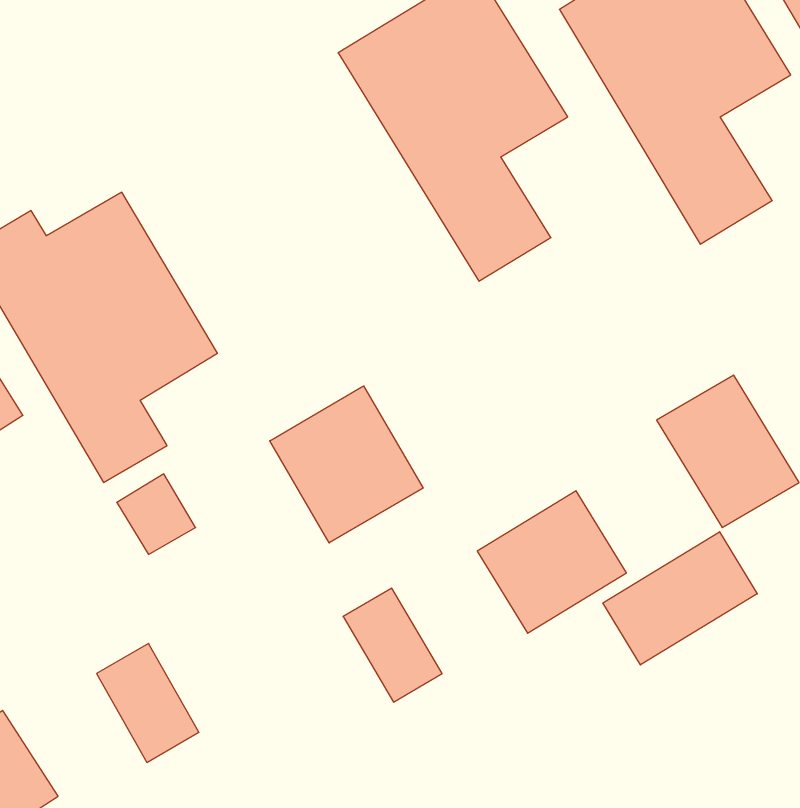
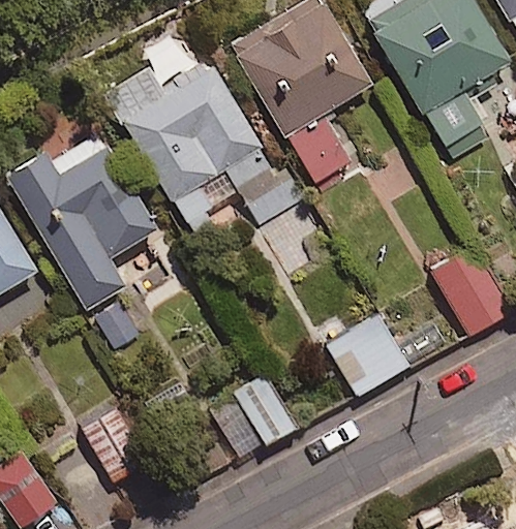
building: none -> [104,24,296,229]
building: [270,386,423,543] -> none
building: [603,532,757,665] -> none

